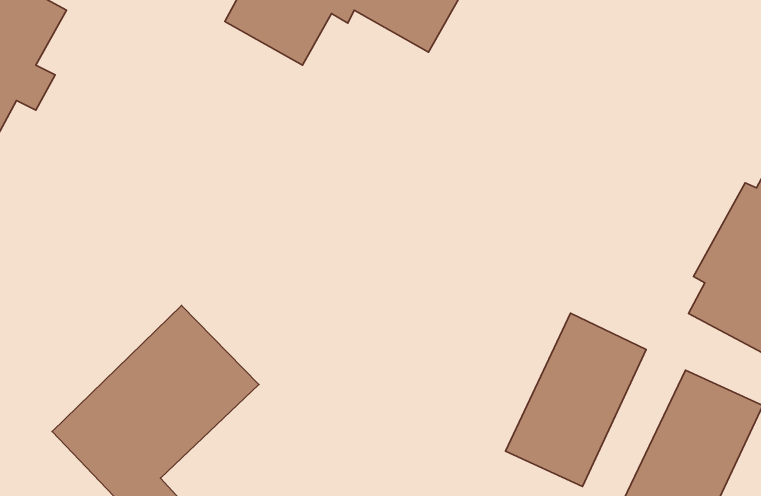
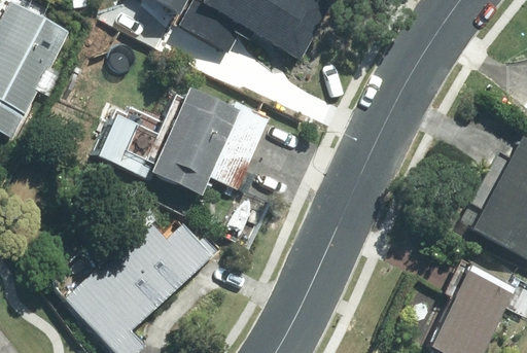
building: none -> [95,89,268,197]
building: [506,313,646,486] -> none

